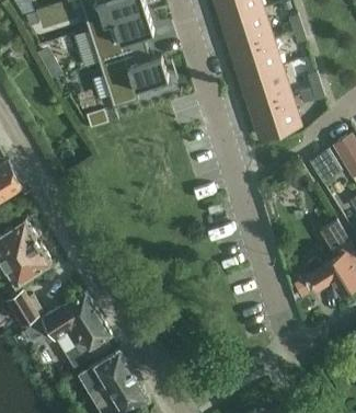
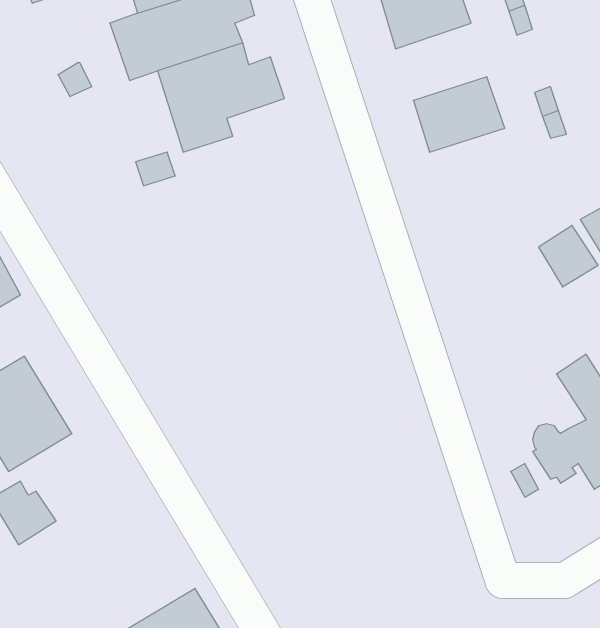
building: [230,37,280,80] -> none
building: [249,95,299,138] -> none
building: [26,294,111,363] -> none

